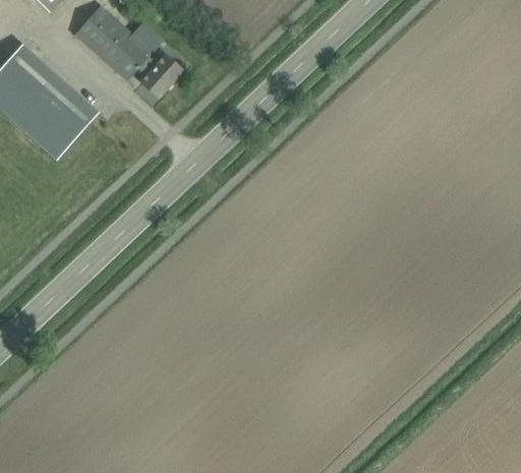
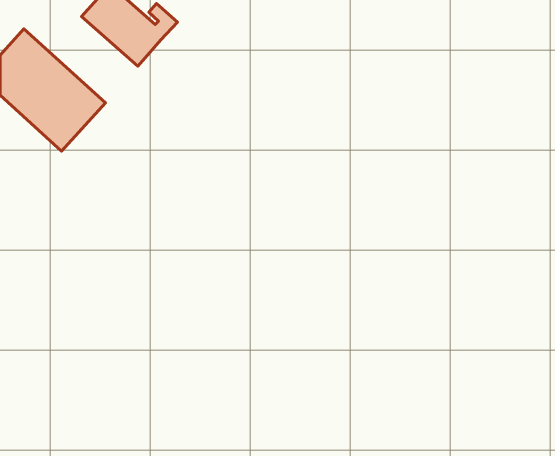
building: [136,55,182,96] -> none

